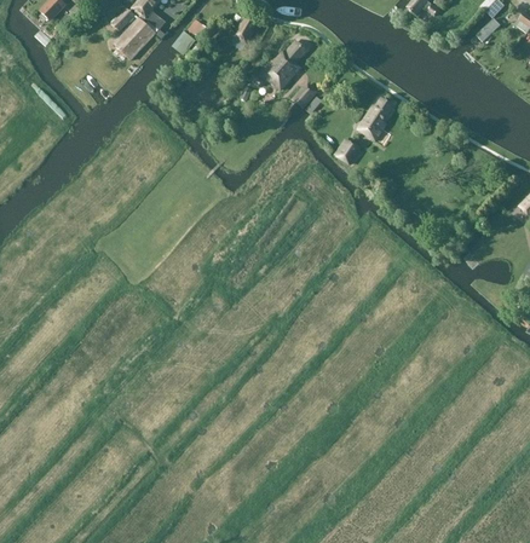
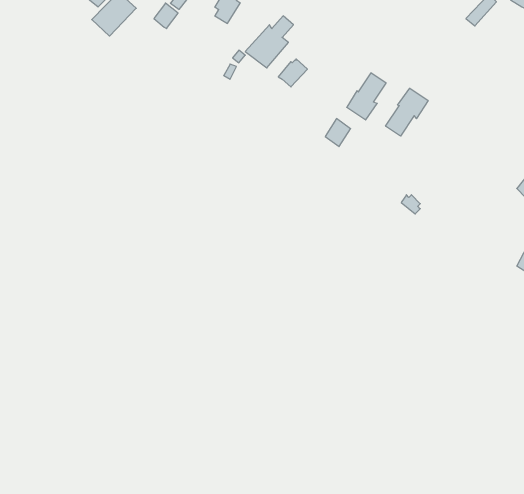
building: none -> [386,88,428,136]

